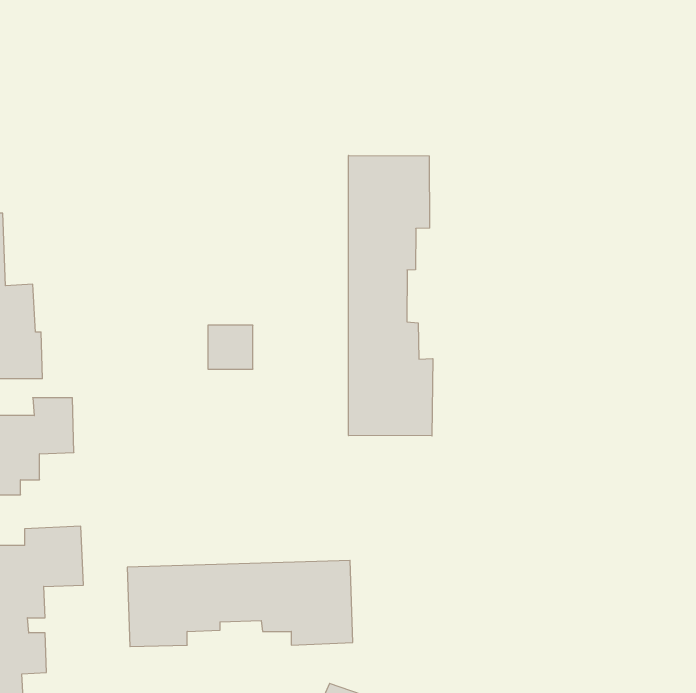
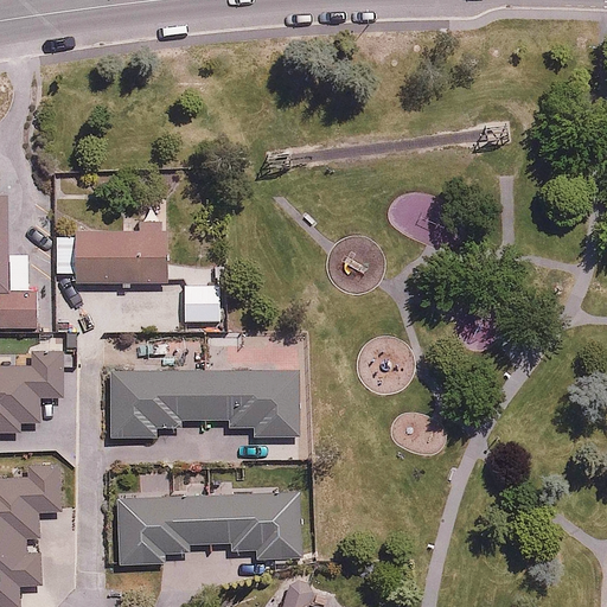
building: [349,155,433,436] -> none
building: none -> [71,228,168,285]
building: none -> [106,368,299,440]

